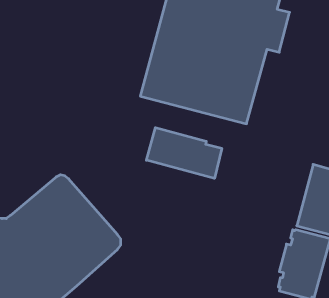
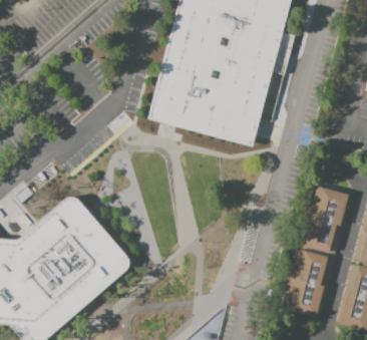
building: [146,128,222,178] -> none

